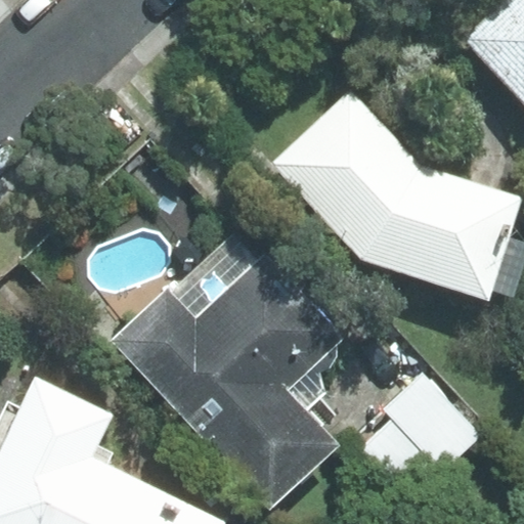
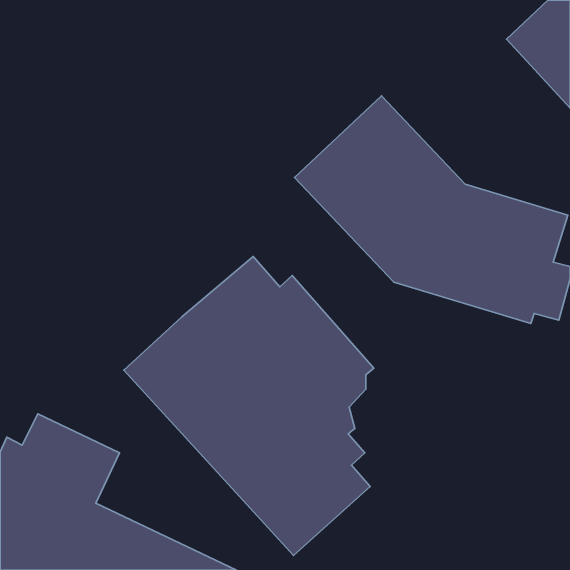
building: [363,370,483,490] -> none

